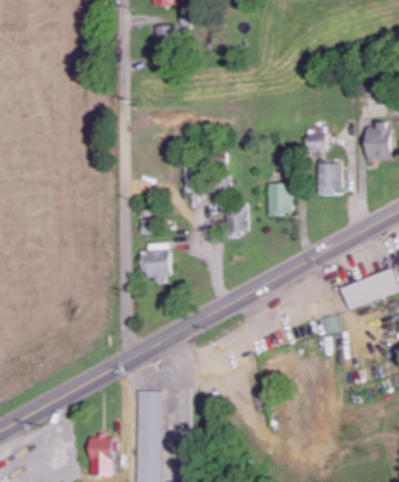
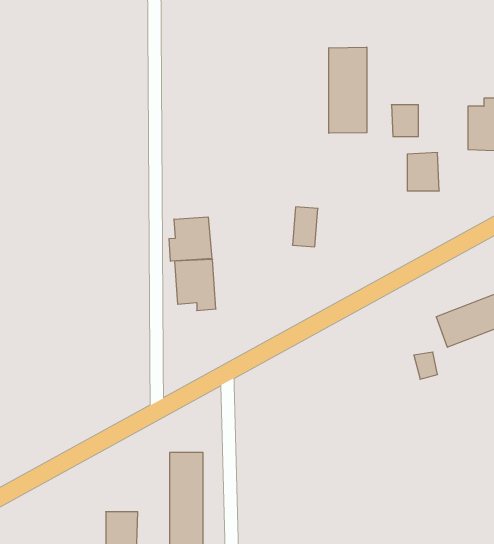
building: none -> [329,47,367,133]
building: [268,183,293,215] -> none
building: none -> [169,217,212,261]

